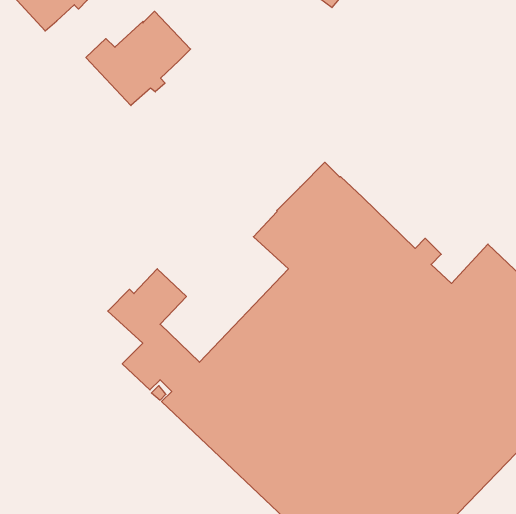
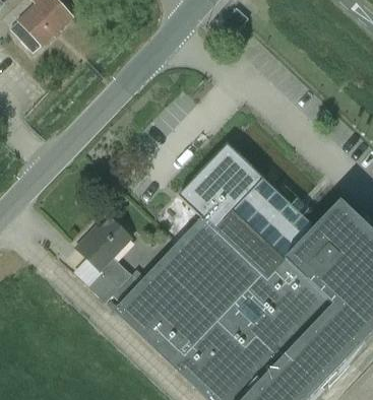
building: [86,11,191,106] -> none

